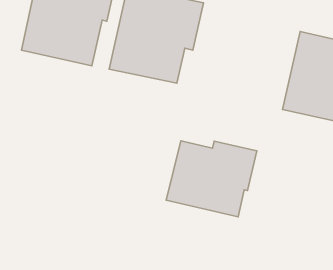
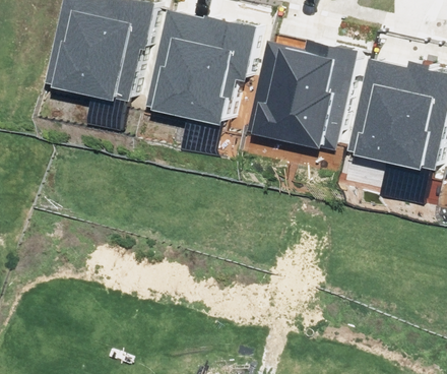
building: none -> [249,41,360,152]
building: [166,141,257,217] -> none

